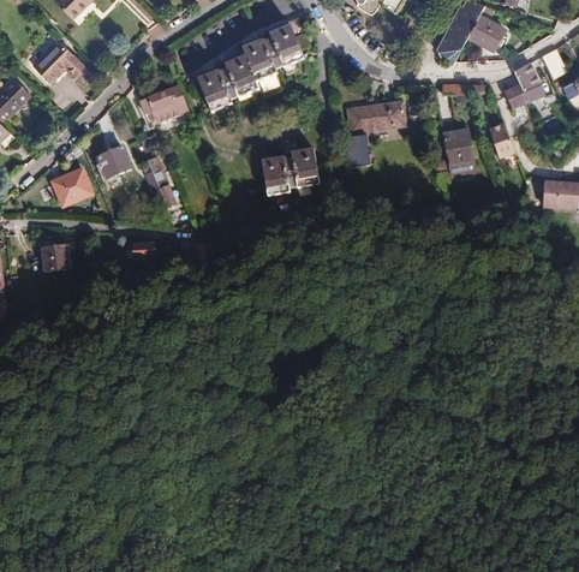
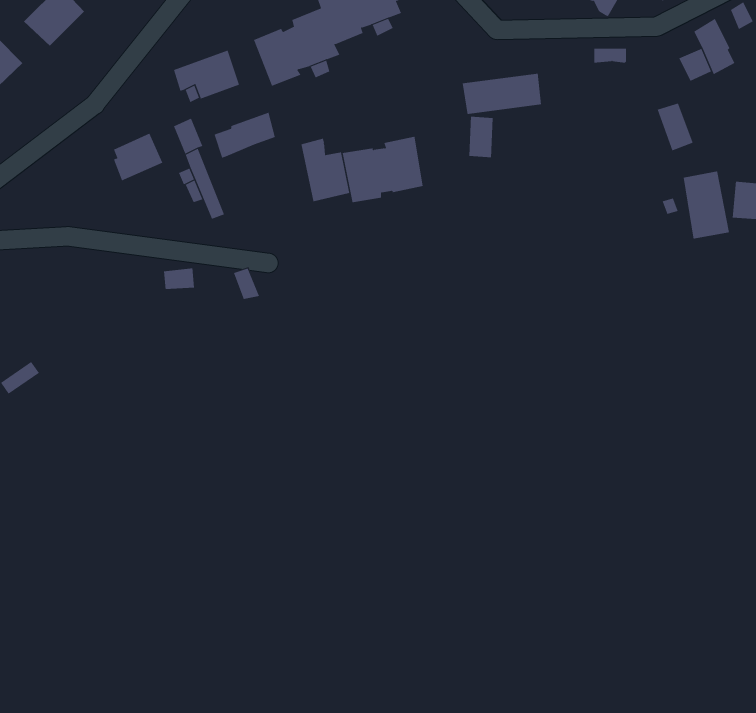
building: [442,127,476,177] -> [683,171,730,239]
building: none -> [214,112,275,159]
building: none -> [301,138,350,202]
building: [50,167,92,205] -> none
building: [41,244,71,270] -> none

